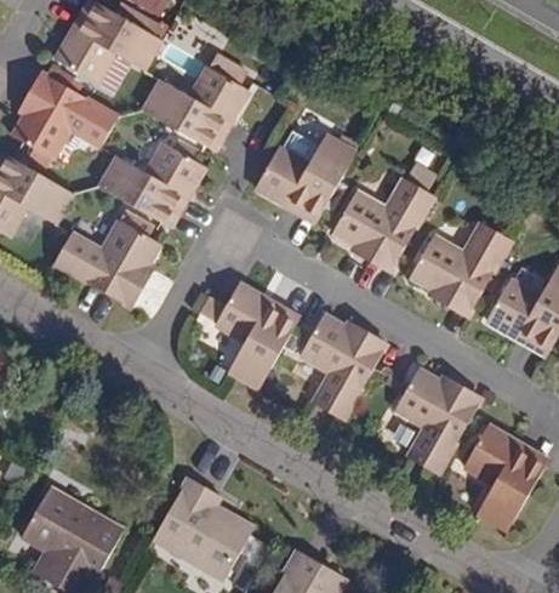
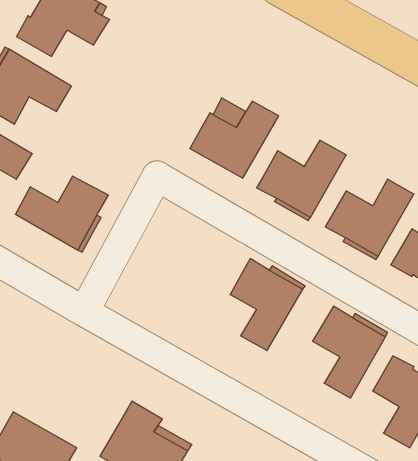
building: [143,64,249,147] -> none
building: [98,142,205,222] -> none
building: [200,280,298,388] -> none

